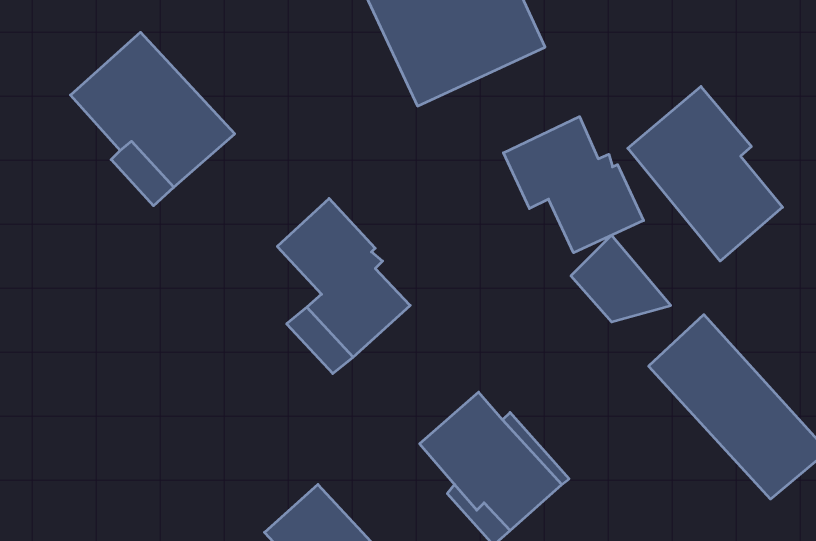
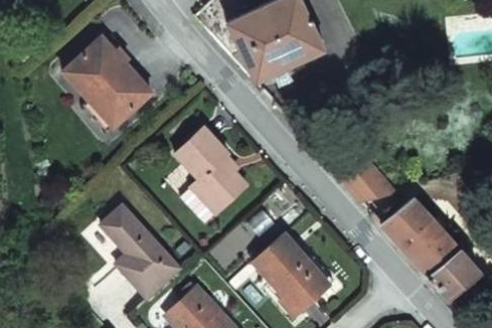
building: [628,86,783,261] -> none
building: [503,117,644,253] -> none
building: none -> [103,206,181,297]

